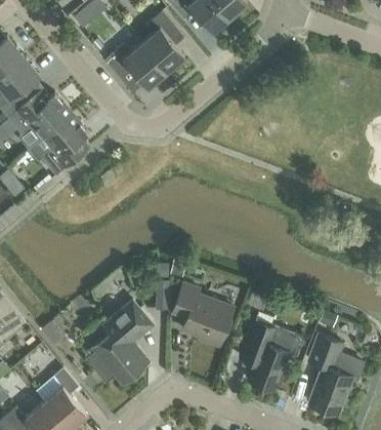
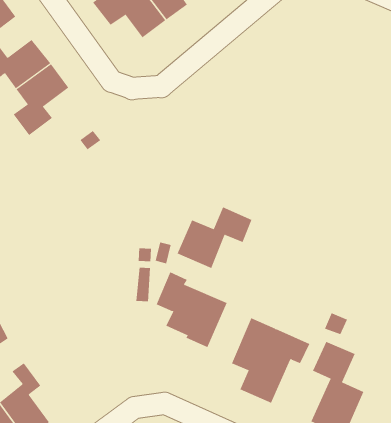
building: none -> [177,206,252,269]
building: [85,302,153,385] -> none

